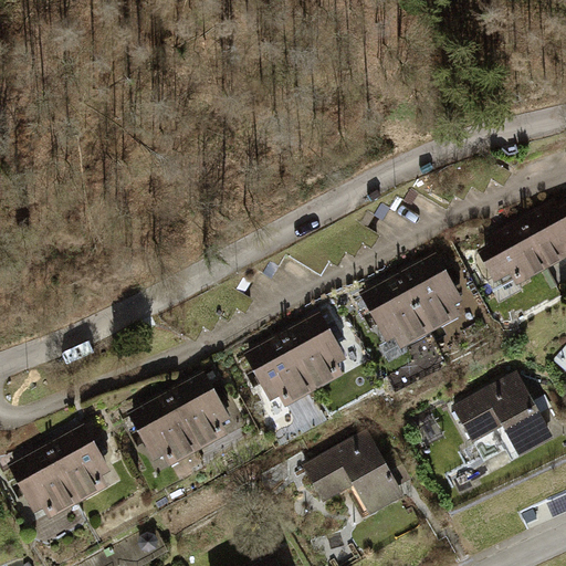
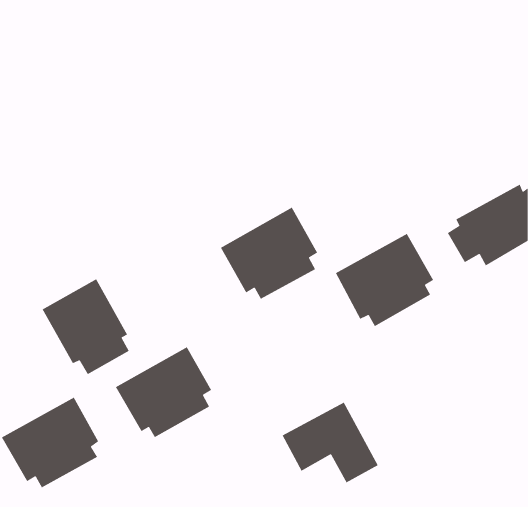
building: none -> [41,278,130,375]
building: [242,310,346,408] -> [220,207,318,300]
building: [452,370,555,457] -> none

